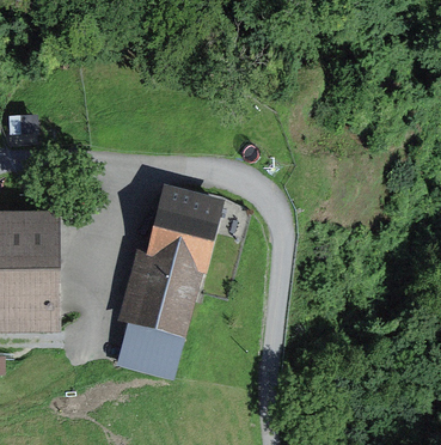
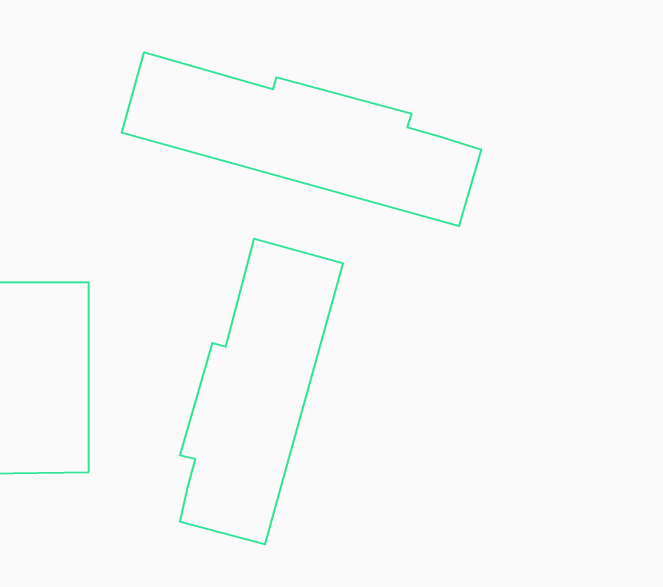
building: none -> [122,52,481,226]

